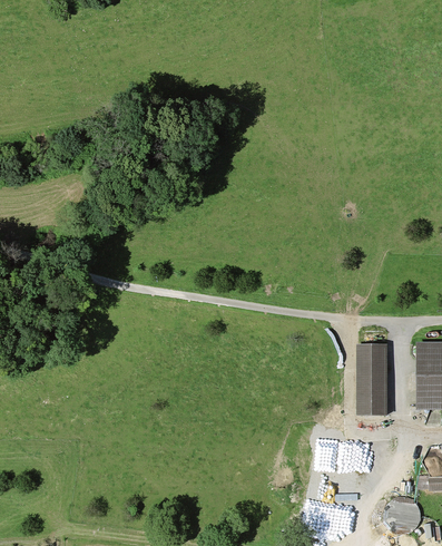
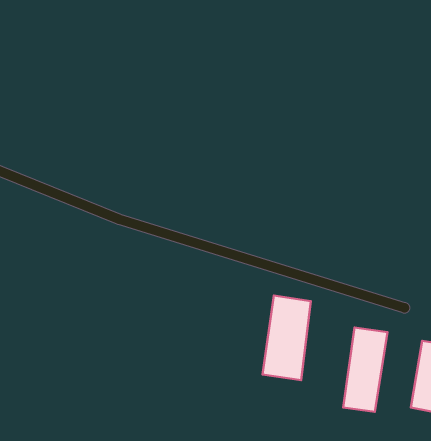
building: none -> [263,296,311,380]

